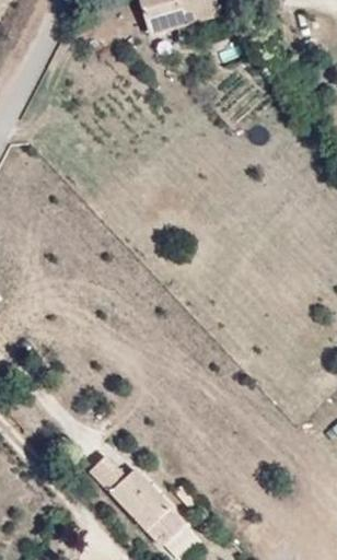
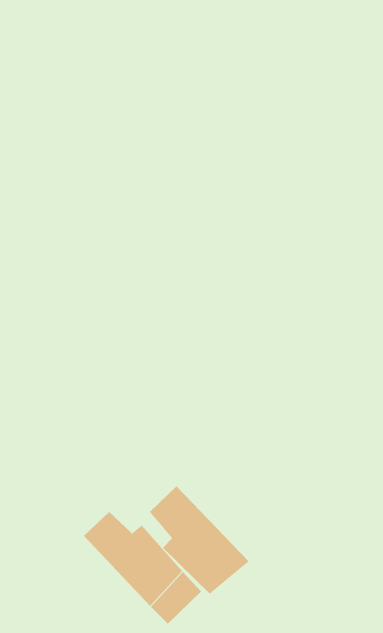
building: none -> [149,486,249,594]

